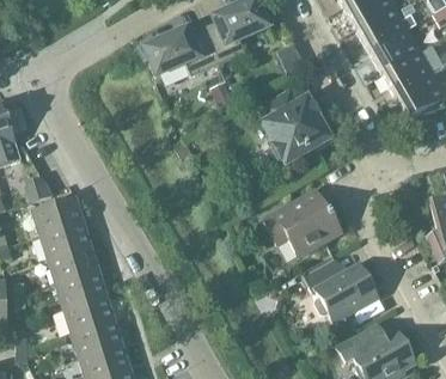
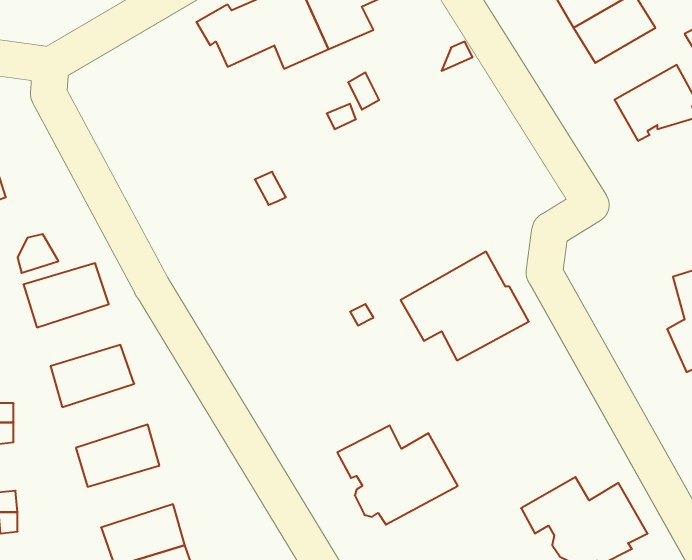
building: [383,50,433,94] -> none
building: [261,88,335,160] -> none
building: [39,220,91,258] -> none
building: [304,258,378,319] -> [337,425,458,525]
building: [55,269,108,308] -> none
building: [71,319,123,357] -> none

